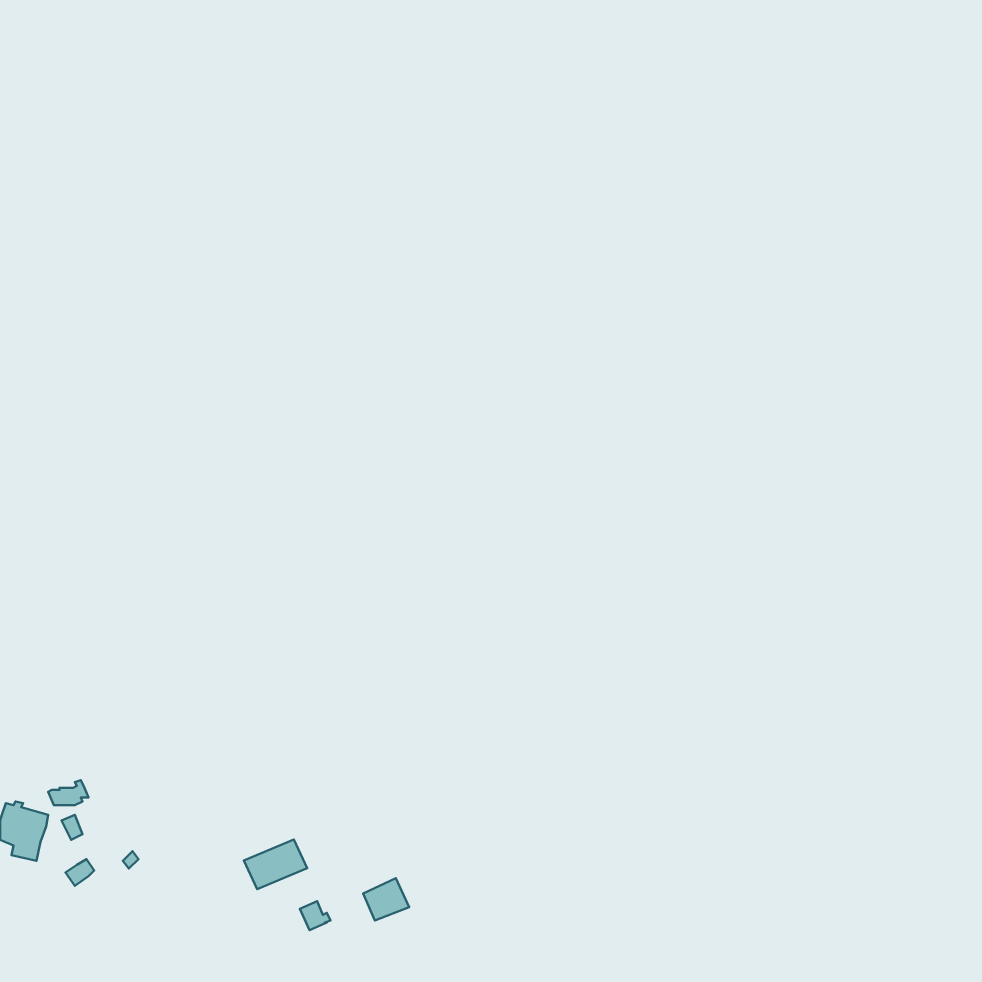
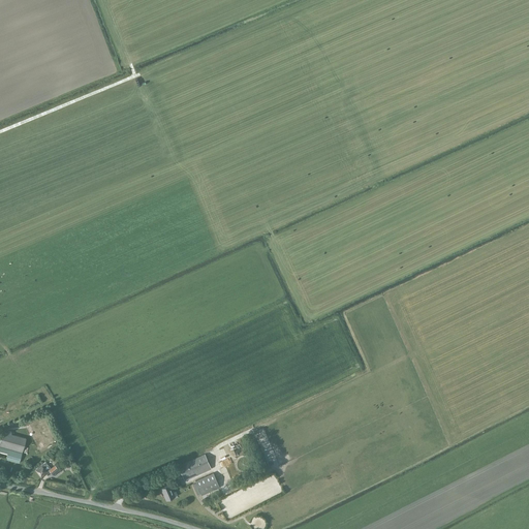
building: [244,839,307,889] -> [178,454,212,480]

